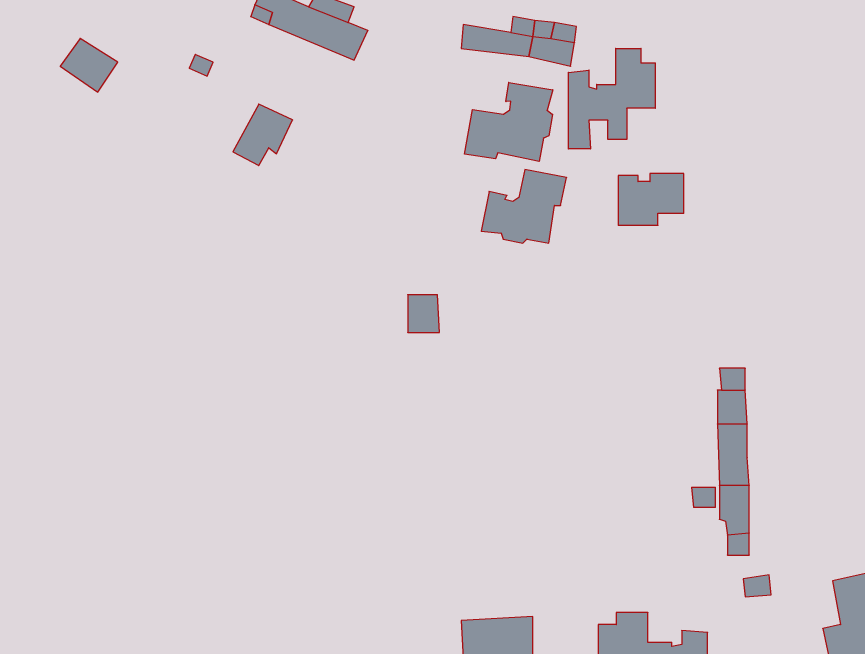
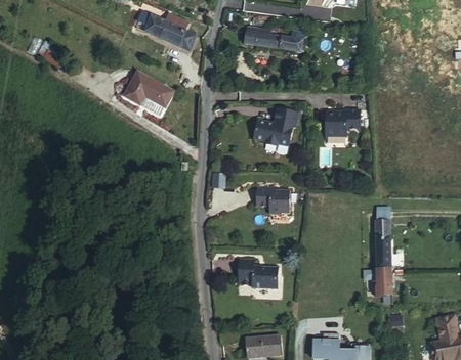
building: [568,48,655,149] -> none
building: [465,82,553,161] -> none
building: none -> [149,81,175,106]
building: none -> [256,185,290,214]
building: none -> [238,258,278,289]

